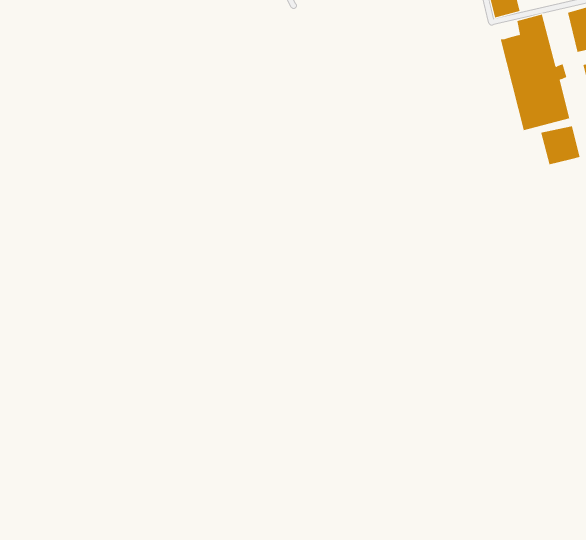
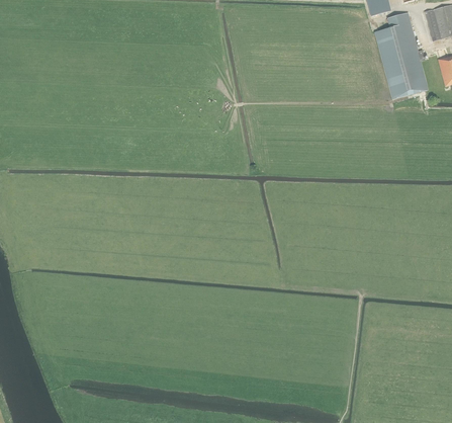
building: [540,125,580,165] -> none

